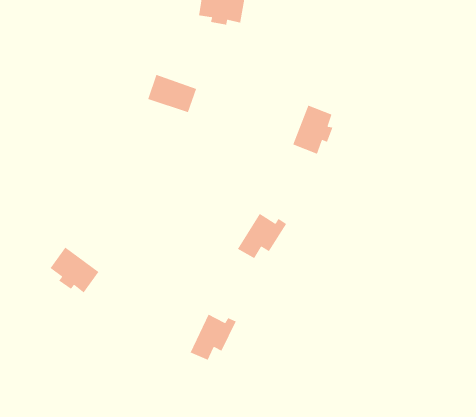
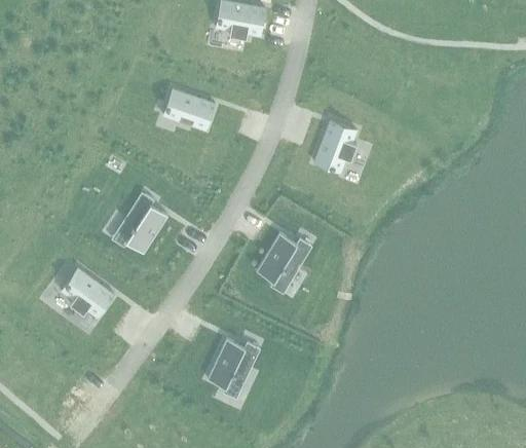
building: none -> [122,194,167,253]

